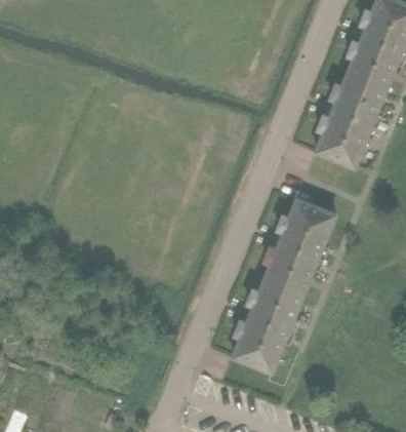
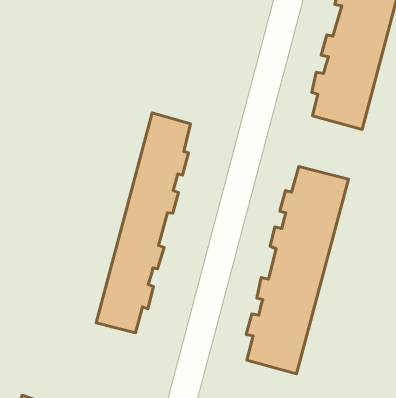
building: none -> [96,113,191,333]

